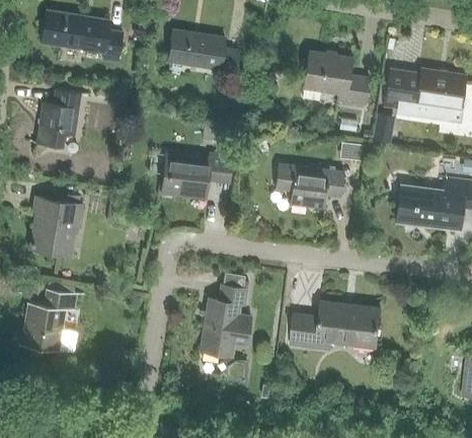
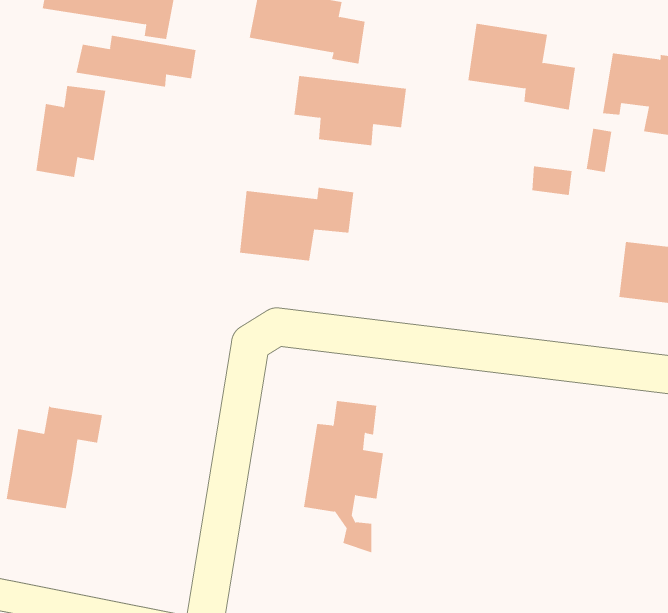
building: none -> [76,35,196,88]
building: [277,165,346,209] -> [293,75,407,146]
building: [28,197,80,257] -> none
building: [291,301,382,351] -> none

